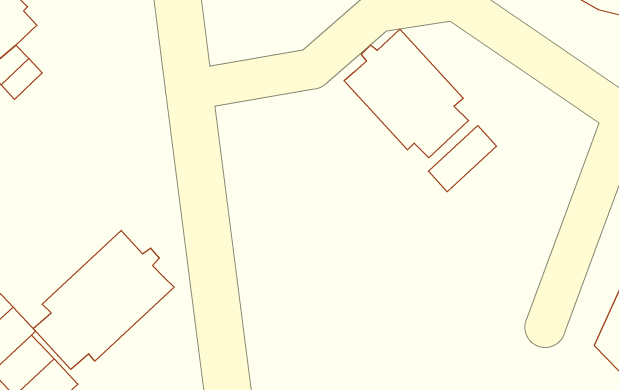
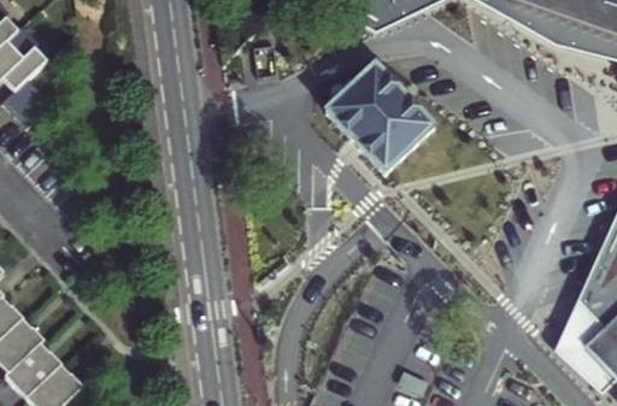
building: [428,126,497,192] -> none
building: [33,230,174,369] -> none

